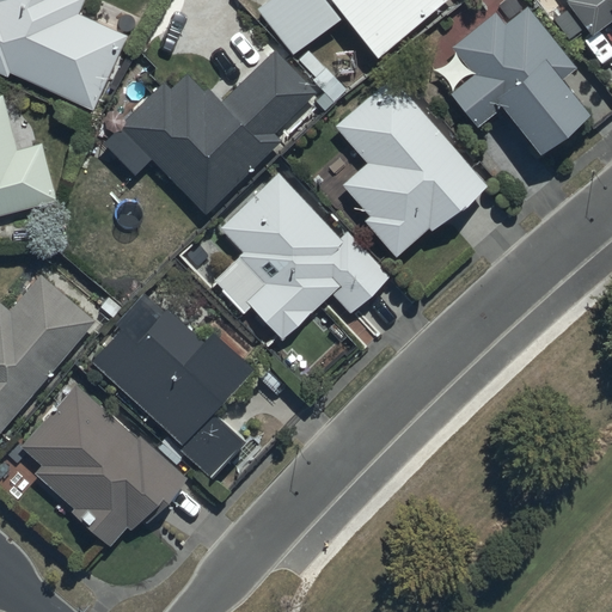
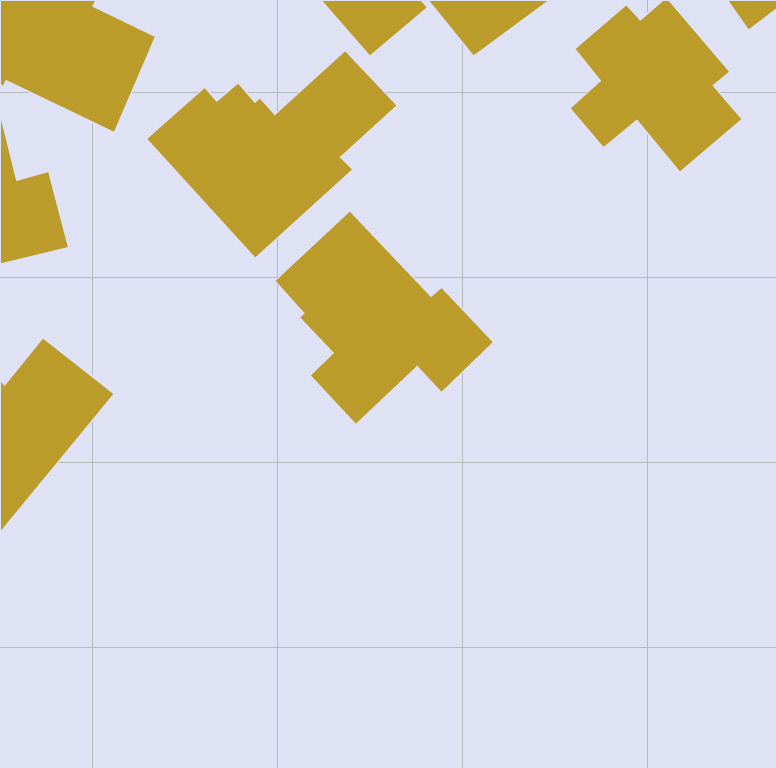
building: [331,76,484,256] -> none
building: [90,306,255,479] -> none
building: [22,384,188,547] -> none

